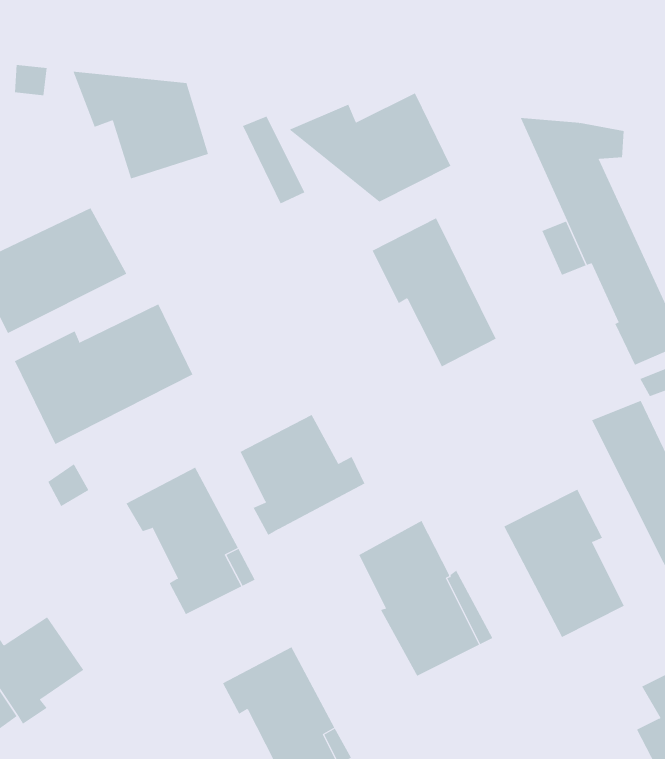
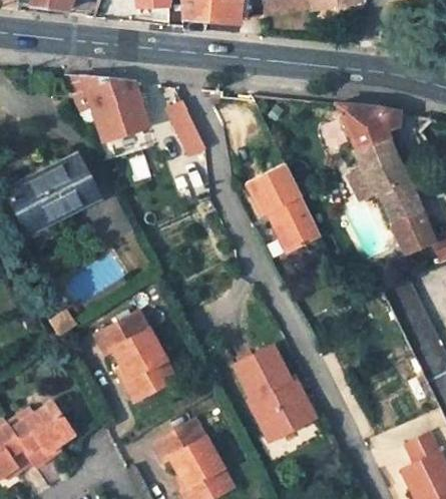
building: [288,93,451,202] -> none
building: [14,304,193,445] -> none
building: [240,414,365,536] -> none
building: [503,489,625,638] -> none

